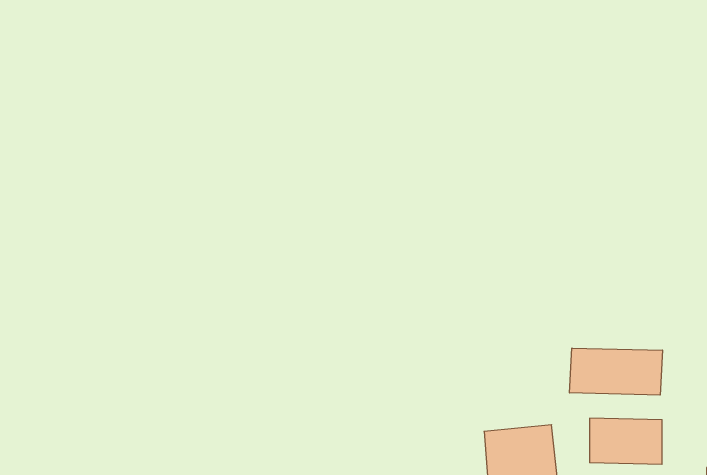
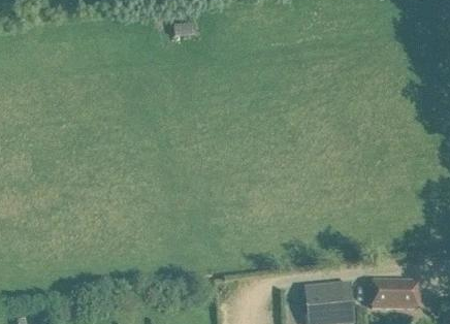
building: [570,348,662,395] -> none

